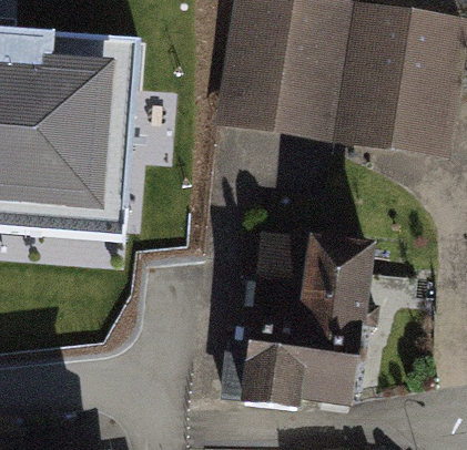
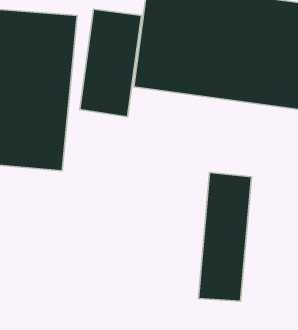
building: none -> [80,9,142,117]
building: [242,233,315,403] -> none

